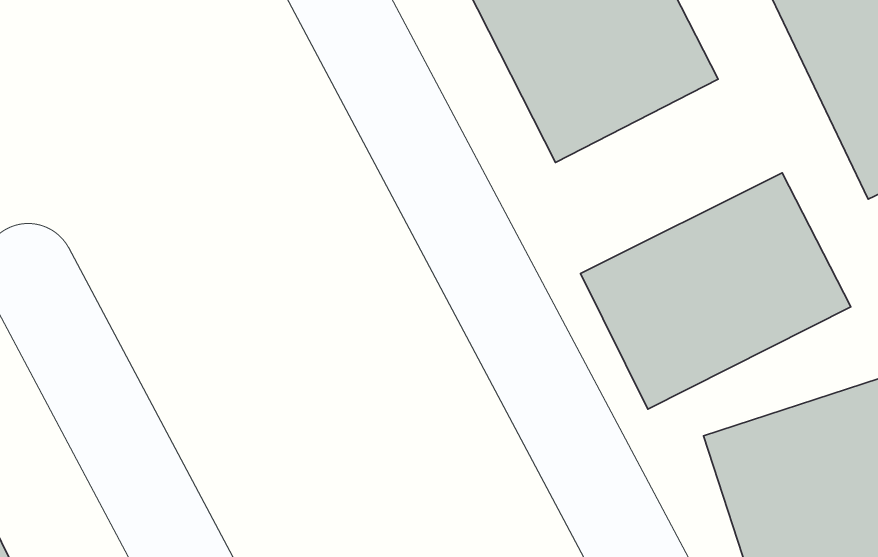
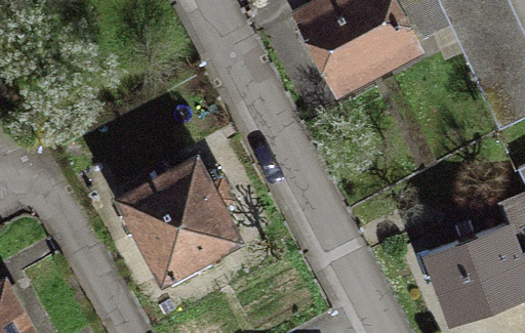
building: [581,173,851,409] -> none
building: none -> [100,148,245,288]

